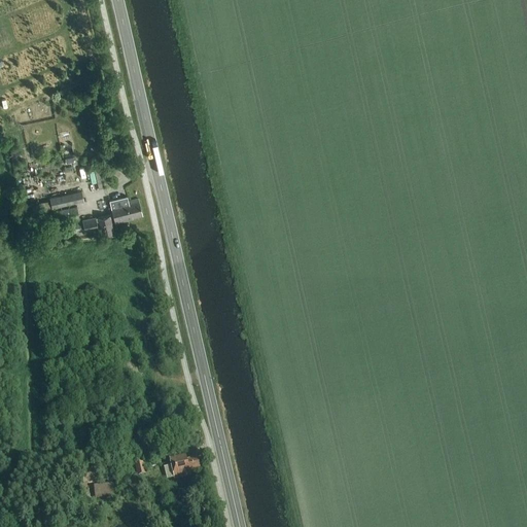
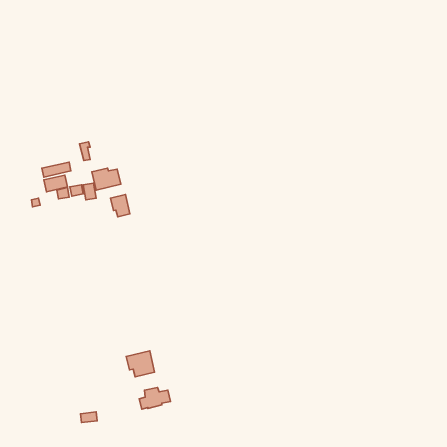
building: none -> [111,195,130,217]
building: none -> [126,351,154,377]

